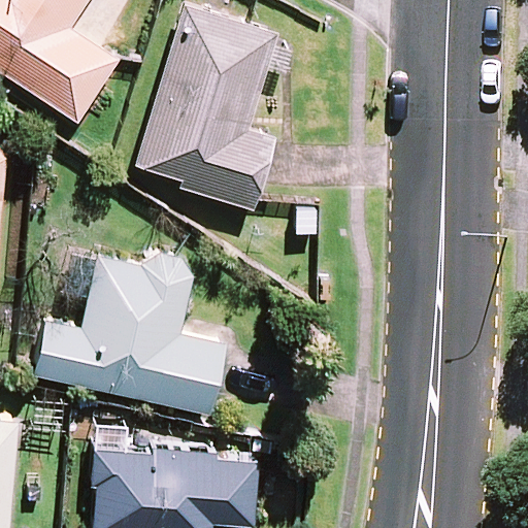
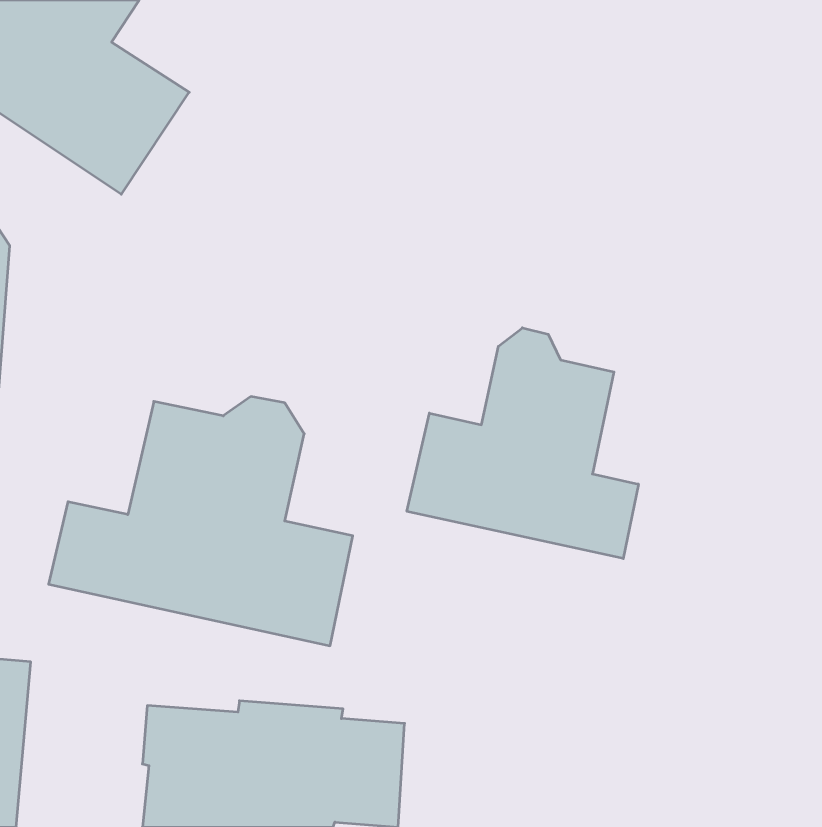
building: [135,4,278,209] -> none
building: none -> [407,328,638,559]

